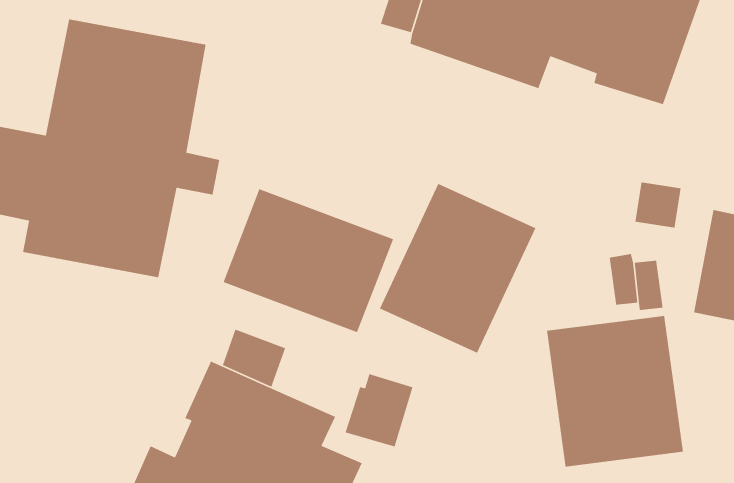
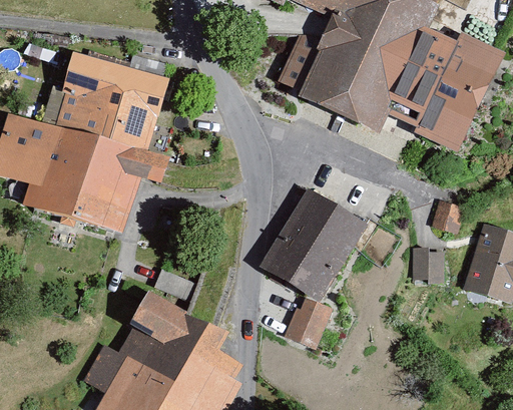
building: [222,188,394,333] -> none
building: [546,315,684,468] -> none
building: [344,373,414,447] -> [284,300,332,350]

